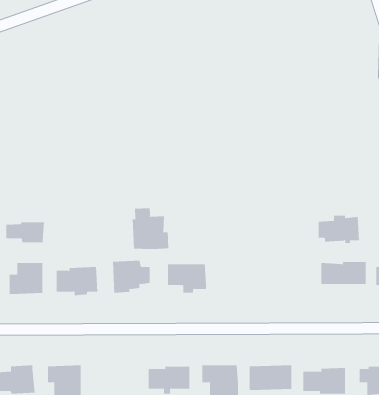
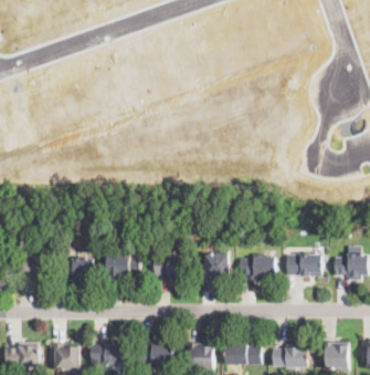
building: [132,208,169,250] -> none
building: [318,215,360,243] -> [239,253,275,278]
building: [6,221,44,243] -> none
building: none -> [199,248,229,280]
building: none -> [89,341,127,363]

